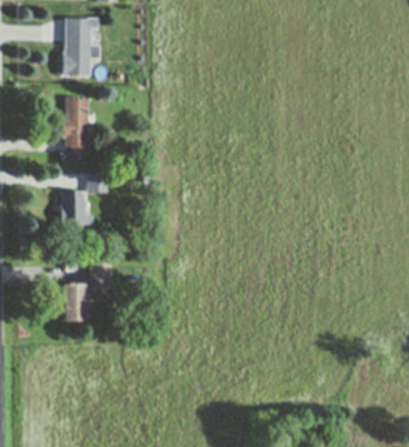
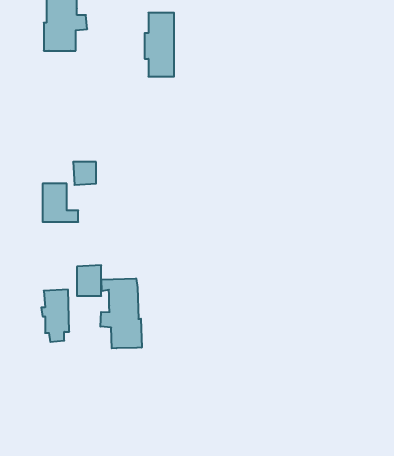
building: [64,98,90,153] -> [145,13,174,77]
building: none -> [100,278,142,348]

